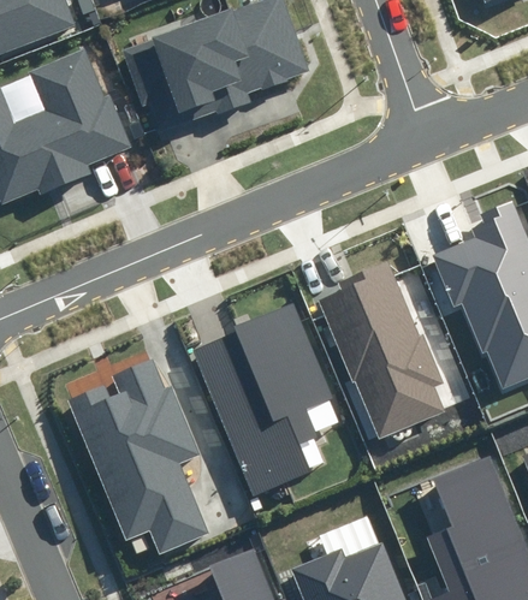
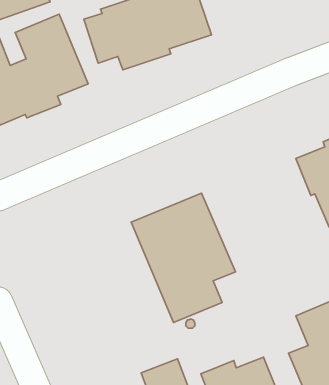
building: [316,260,446,440] -> none
building: [66,360,207,553] -> none

